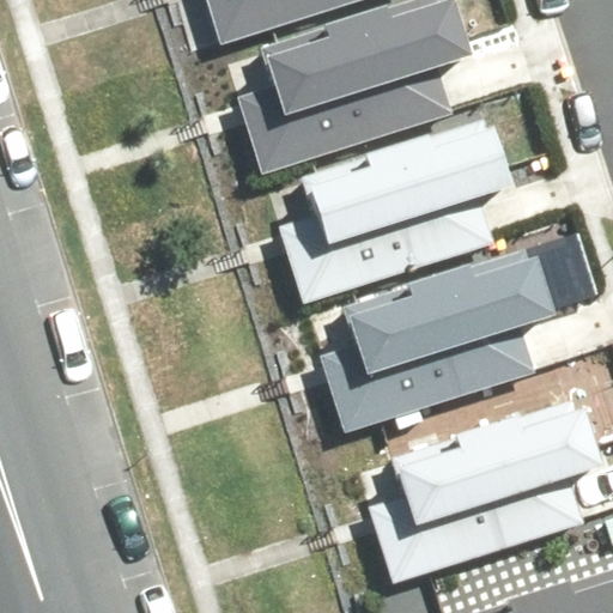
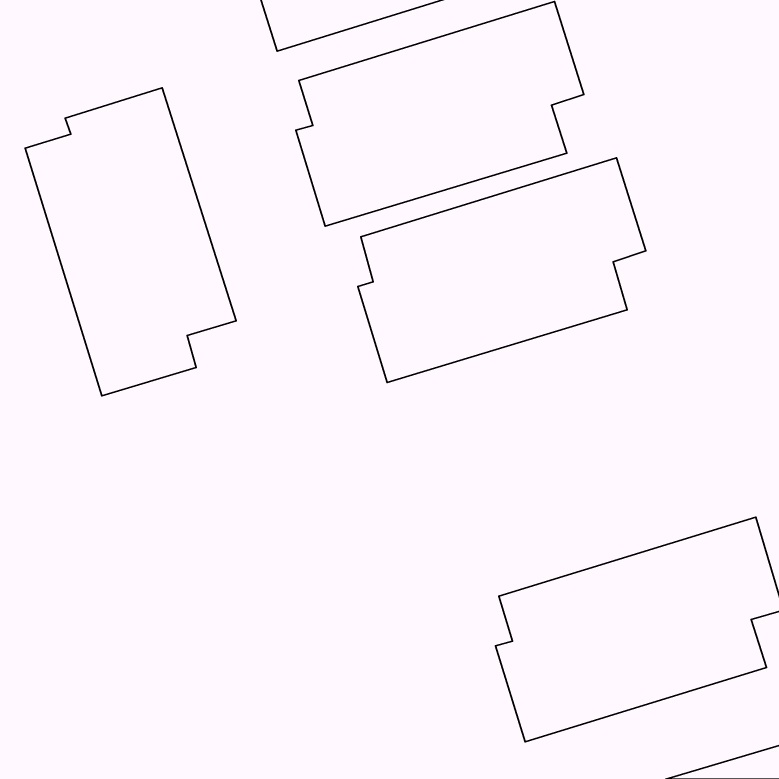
building: none -> [25,88,236,396]
building: [323,251,546,425] -> none

